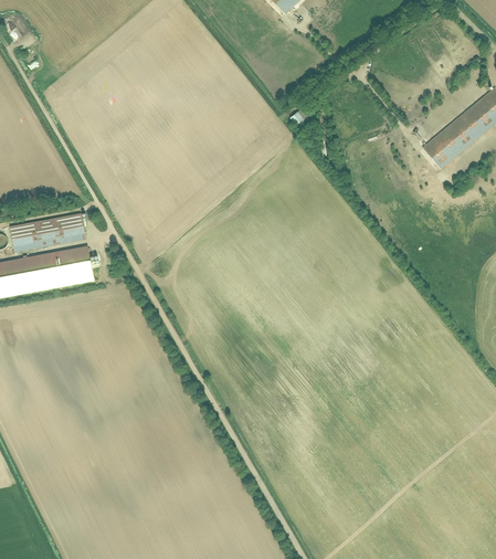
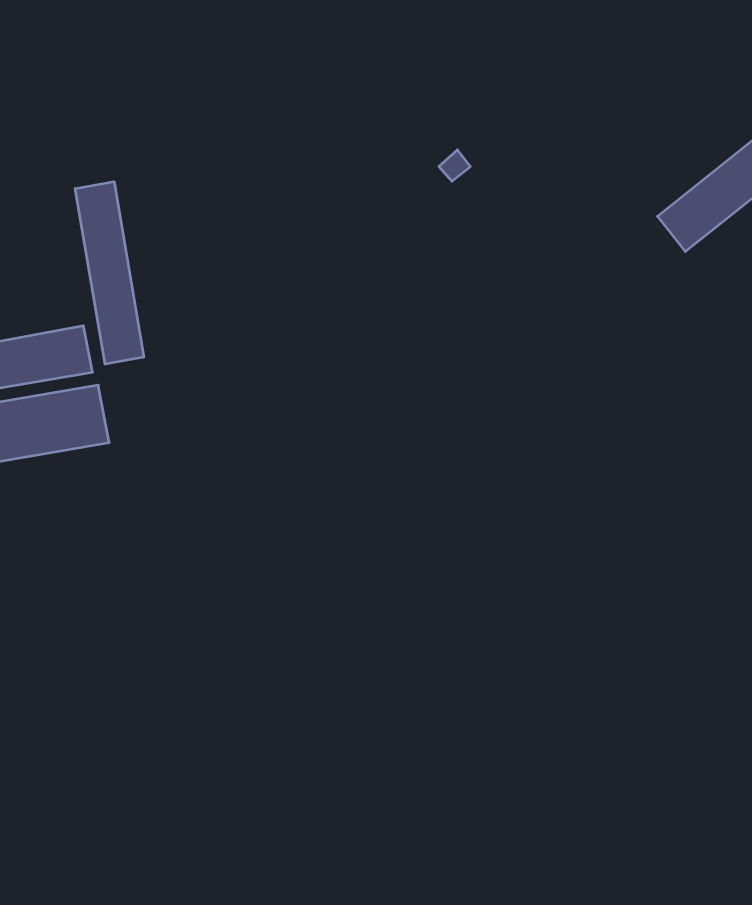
building: none -> [75,182,144,364]

